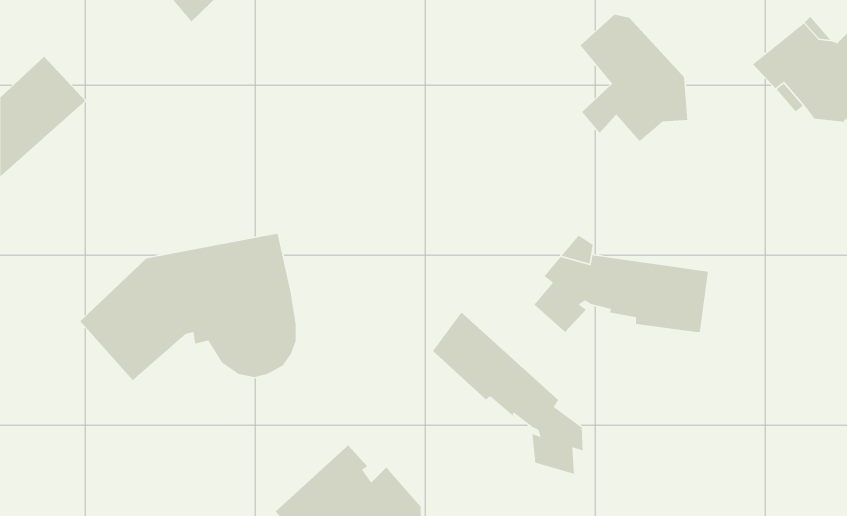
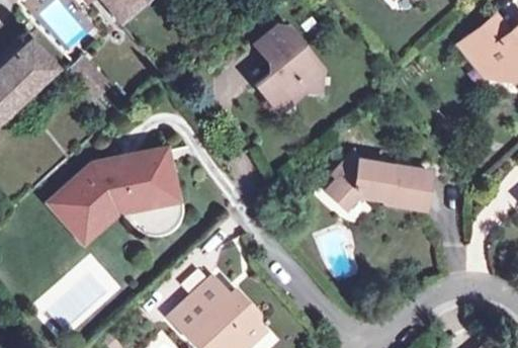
building: [580,14,688,142] -> [255,27,321,105]
building: [432,312,583,475] -> none

